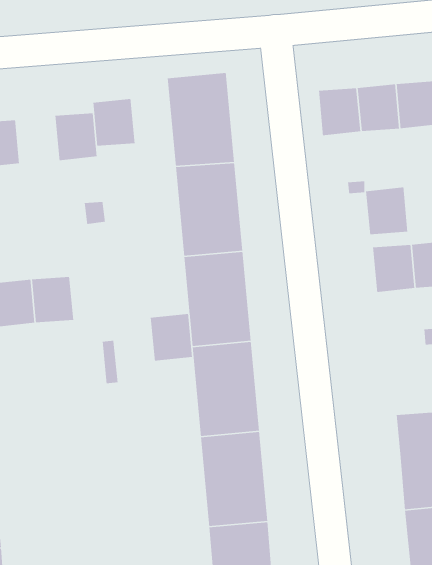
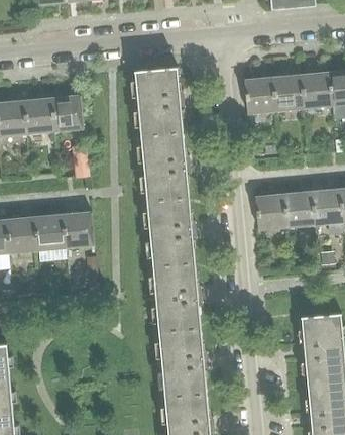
building: [92,98,135,147] -> [24,98,55,133]
building: [365,187,408,235] -> [255,194,286,229]
building: [150,313,193,362] -> [64,212,95,247]

